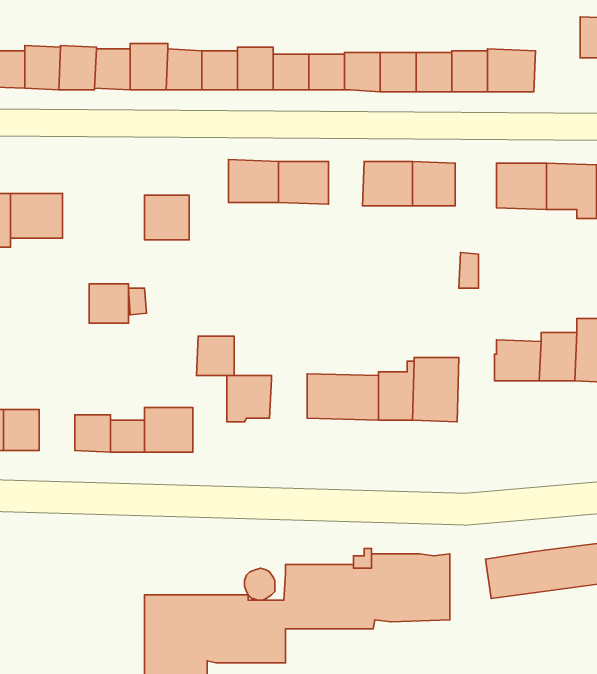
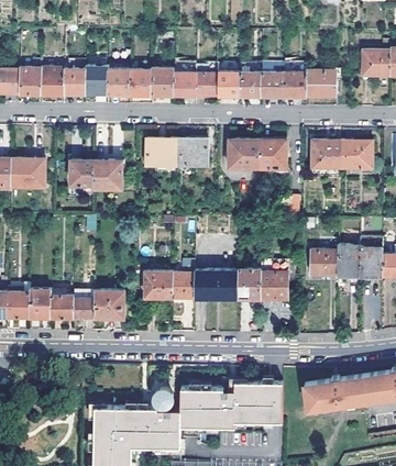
building: [89,284,129,323] -> [69,159,94,184]
building: [197,336,234,375] -> [170,273,194,297]
building: none -> [29,289,51,317]

